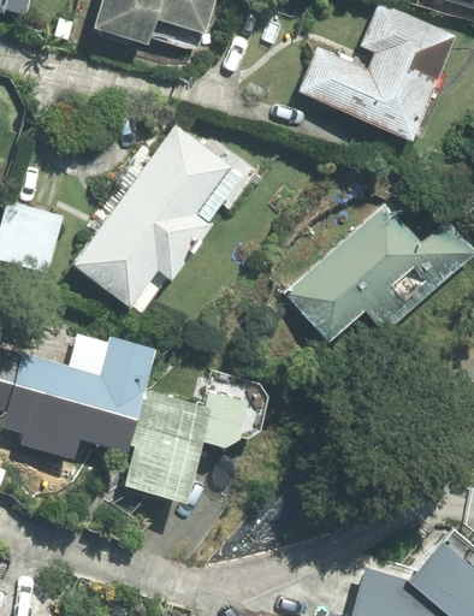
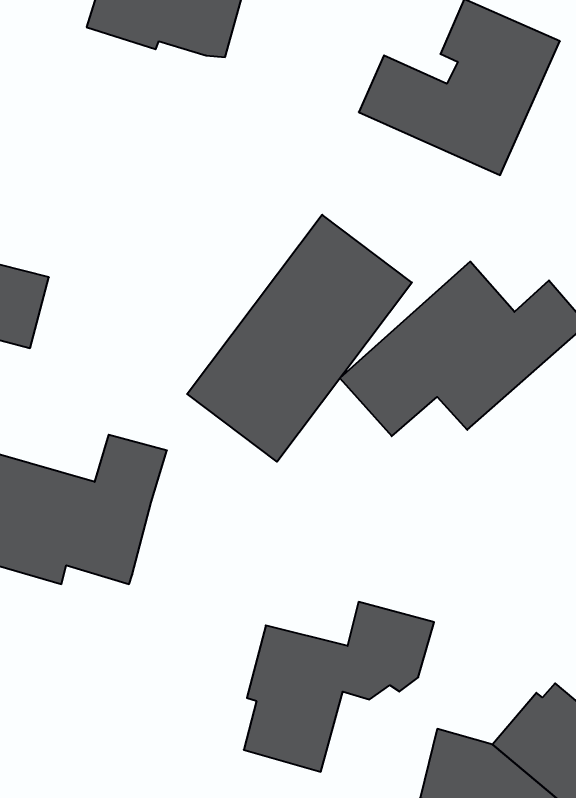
building: [72,126,244,315] -> [187,215,412,462]
building: [124,371,269,500] -> [244,602,434,772]

